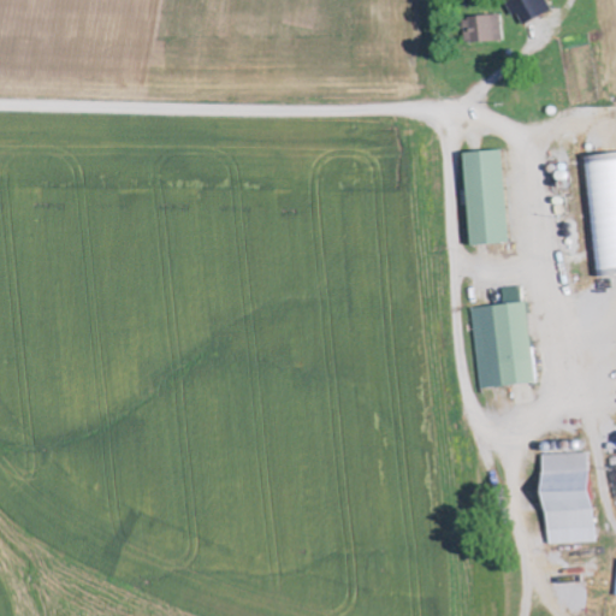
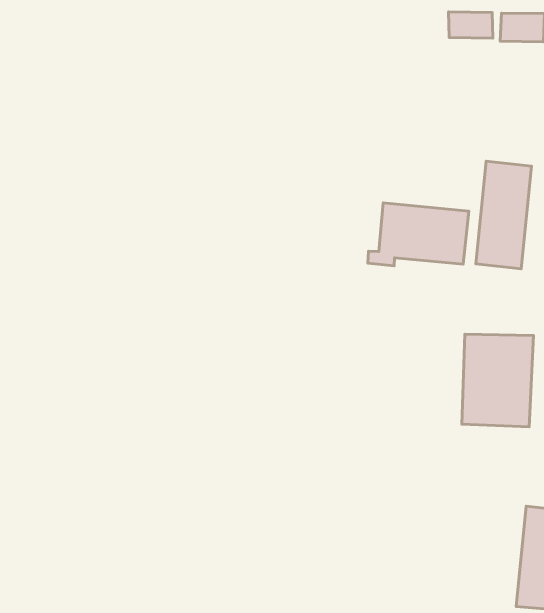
building: none -> [449,12,493,38]
building: none -> [368,203,469,266]

